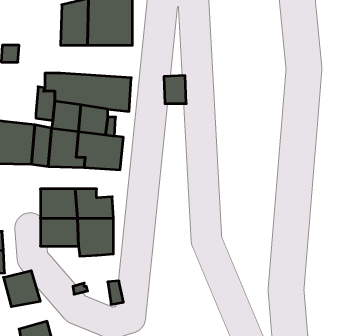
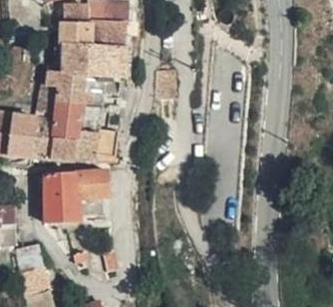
building: none -> [62,43,126,72]

